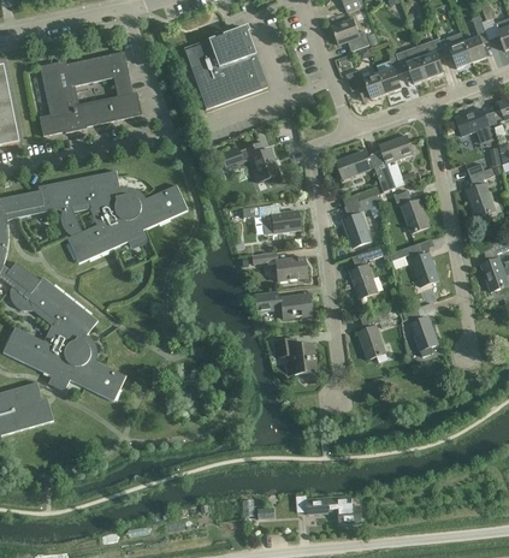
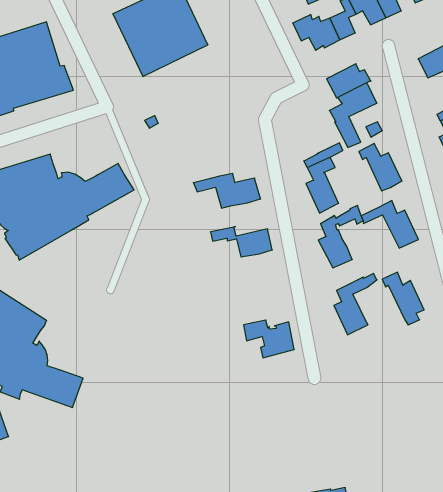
building: [214,141,279,182] -> none
building: [336,149,375,178] -> [327,64,371,98]
building: [254,290,312,316] -> none

